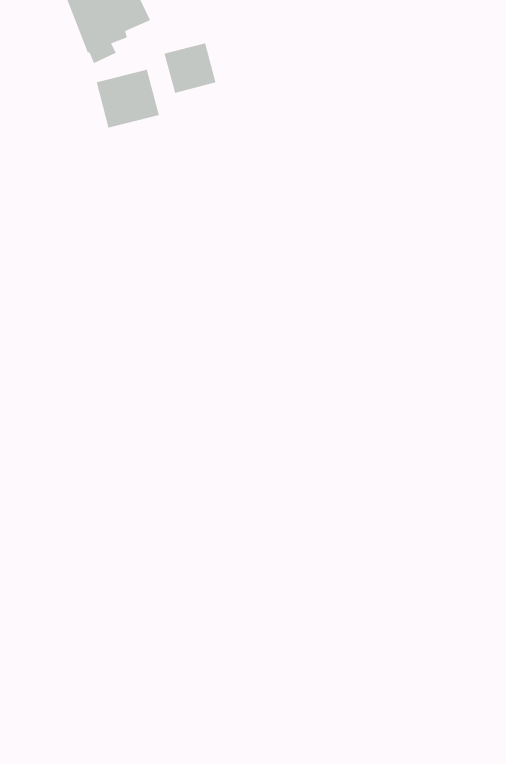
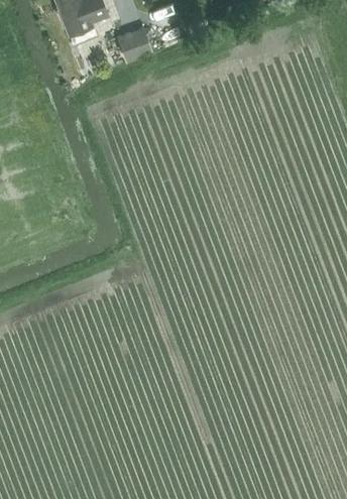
building: [96,69,160,129] -> none

